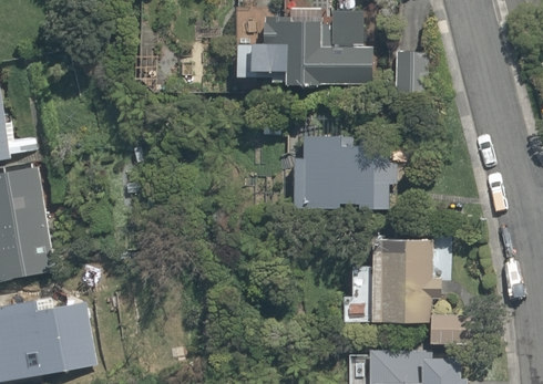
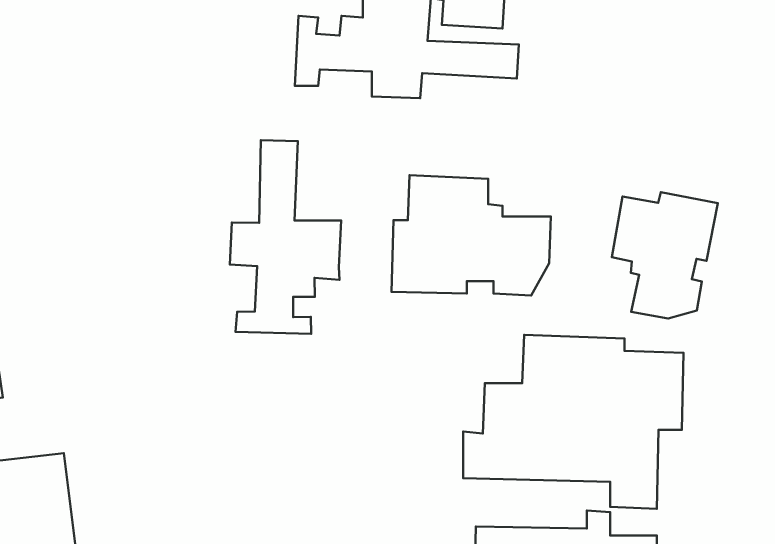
building: none -> [230,140,341,334]
building: none -> [612,192,718,319]

